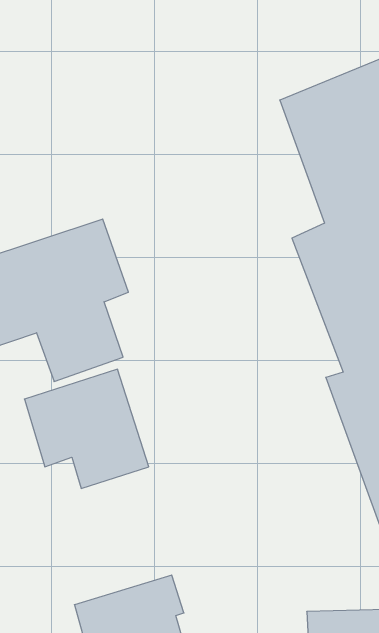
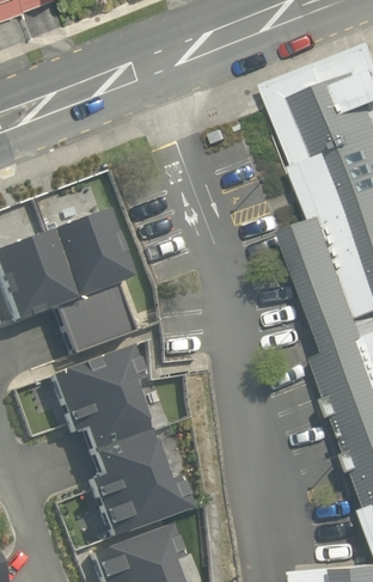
building: none -> [84,434,195,543]

